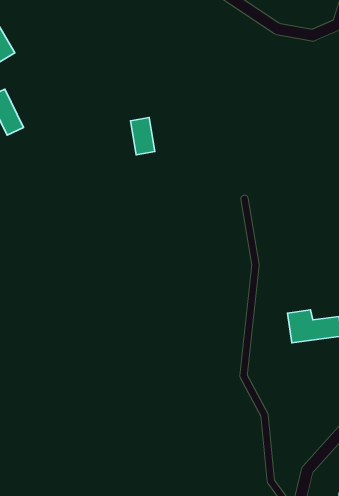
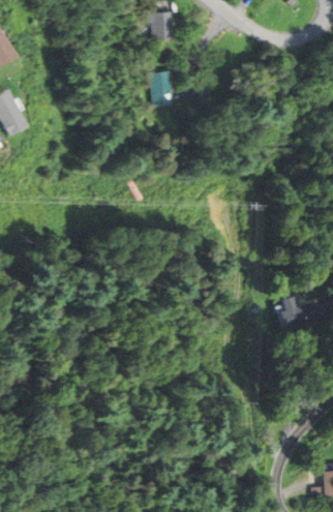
building: none -> [154,11,173,39]
building: [131,117,155,155] -> [153,70,176,106]

